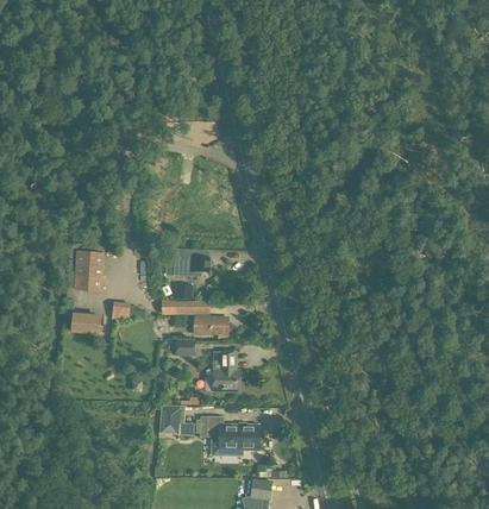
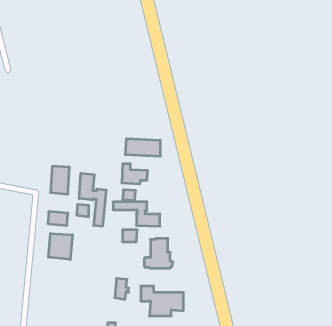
building: none -> [125,139,160,156]
building: none -> [79,173,106,226]
building: none -> [48,233,72,260]

